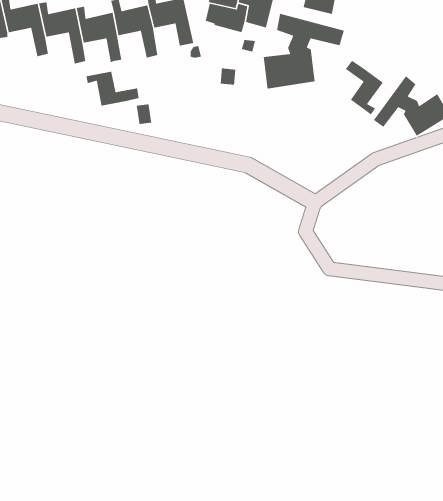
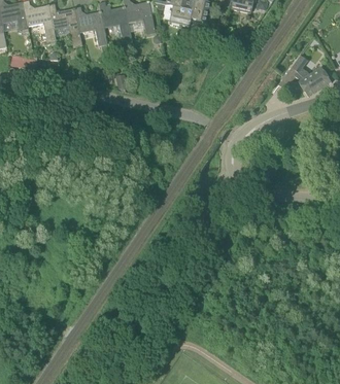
building: [263,13,345,89] -> none
building: [345,60,384,116] -> none
building: [85,71,140,106] -> none

